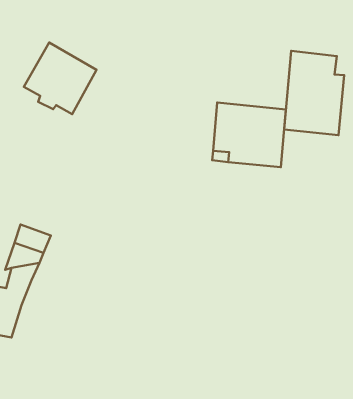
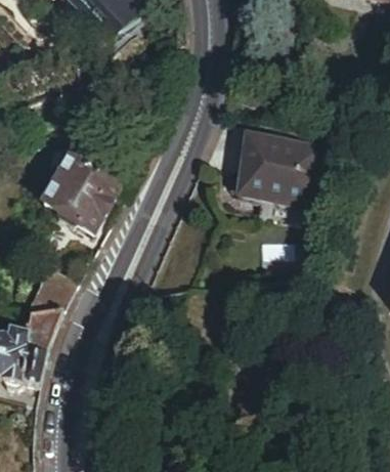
building: [24,43,97,114] -> [41,152,115,224]
building: [284,51,344,135] -> none

